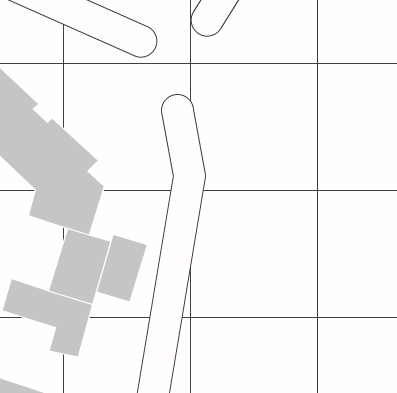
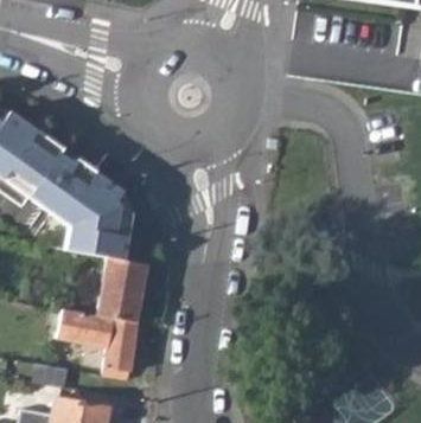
building: [96,234,148,302] -> none

